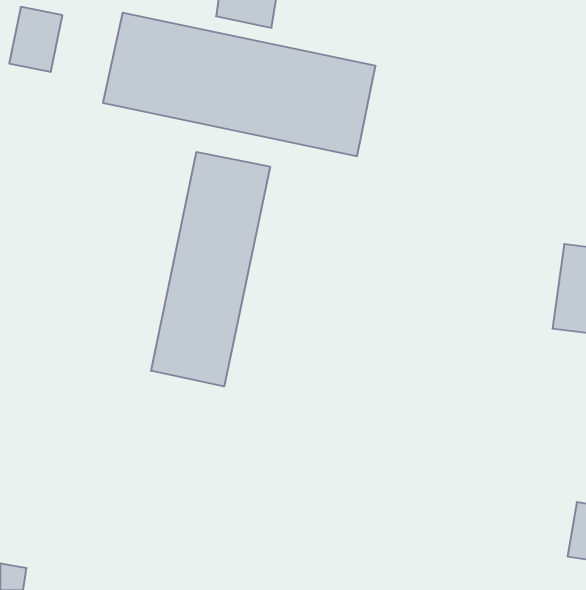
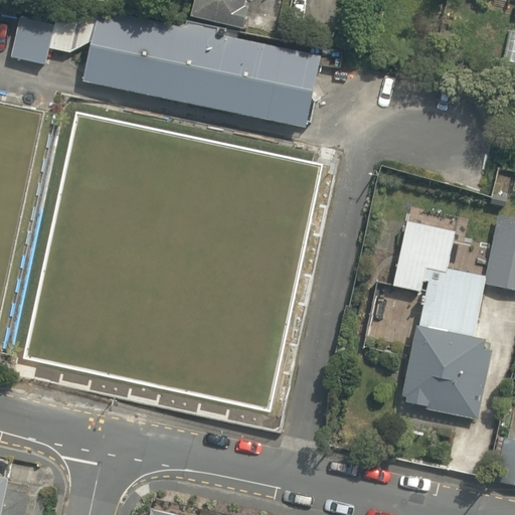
building: [151,152,270,387] -> none
building: none -> [389,218,490,413]

